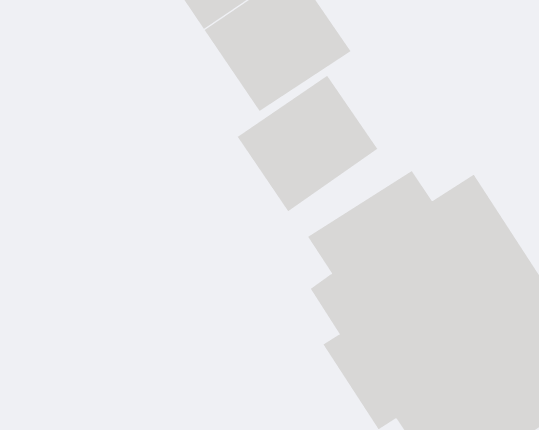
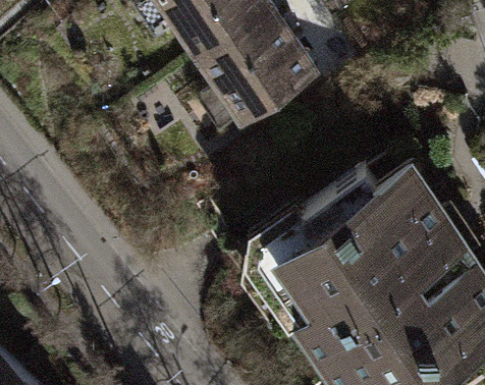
building: [237,75,378,212] -> none

